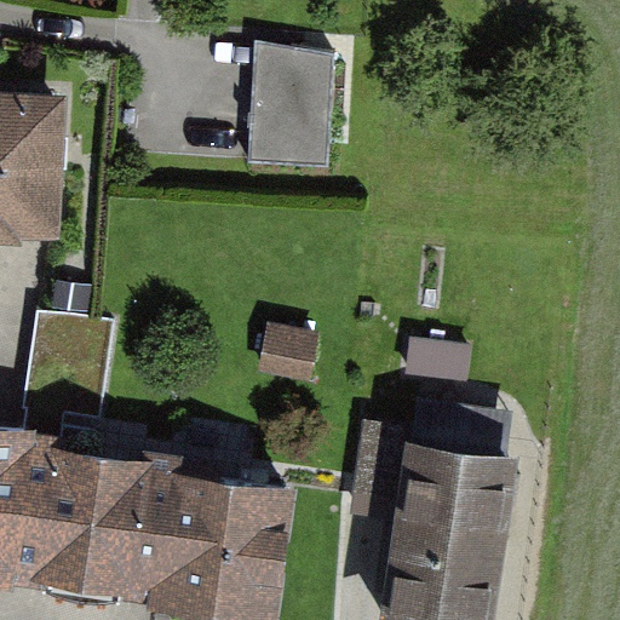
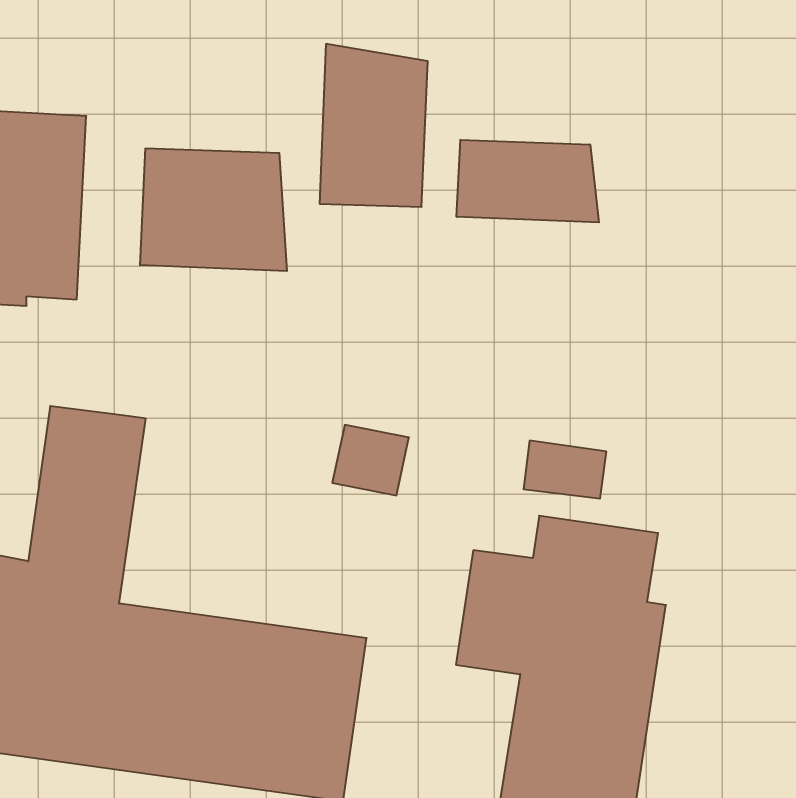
building: none -> [457,140,599,222]
building: none -> [140,148,287,271]

